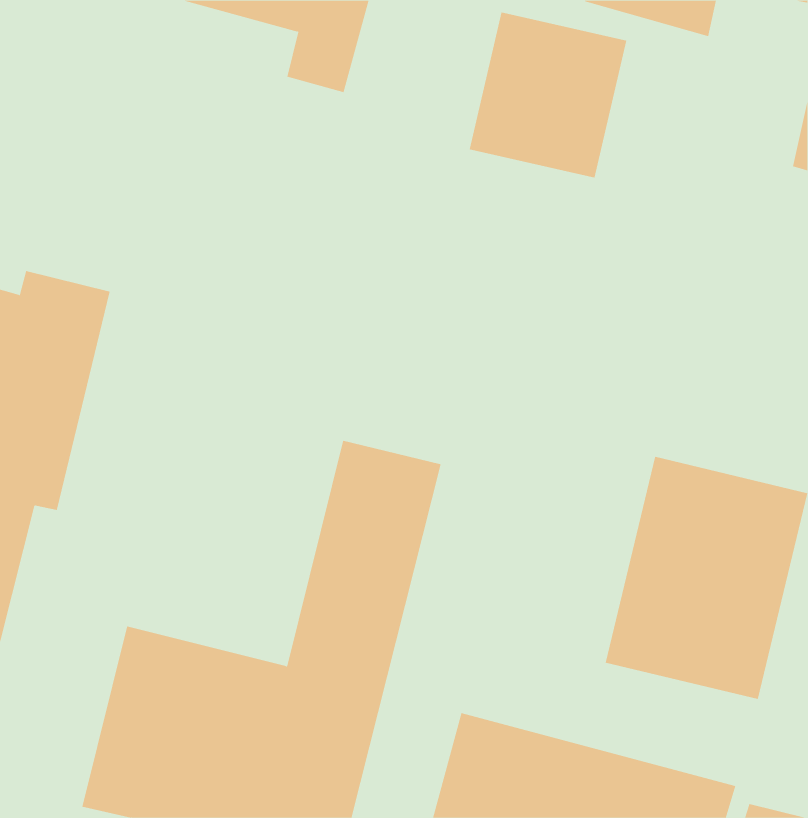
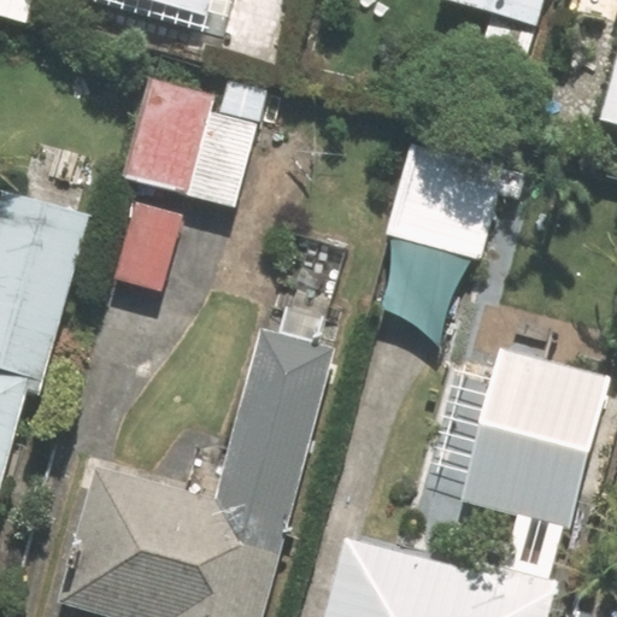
building: [469,12,627,178] -> [382,136,501,262]
building: none -> [107,74,269,295]

